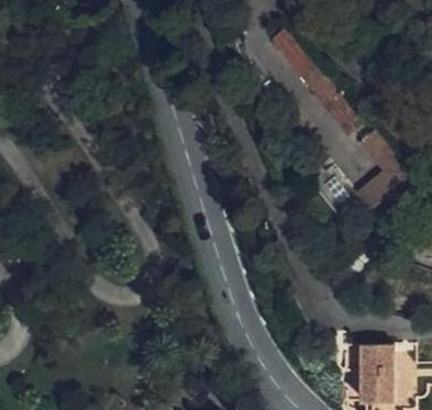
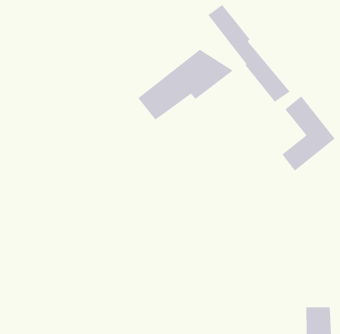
building: none -> [137,49,234,120]

